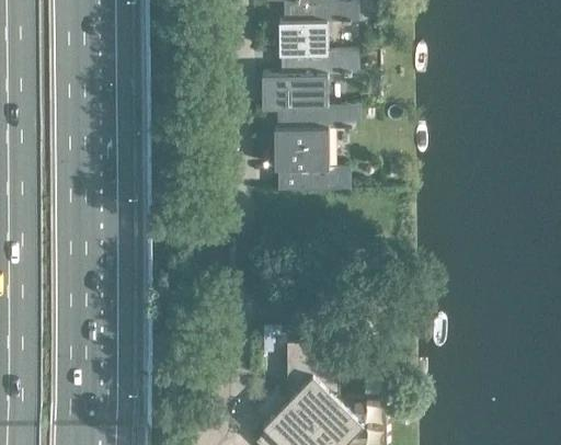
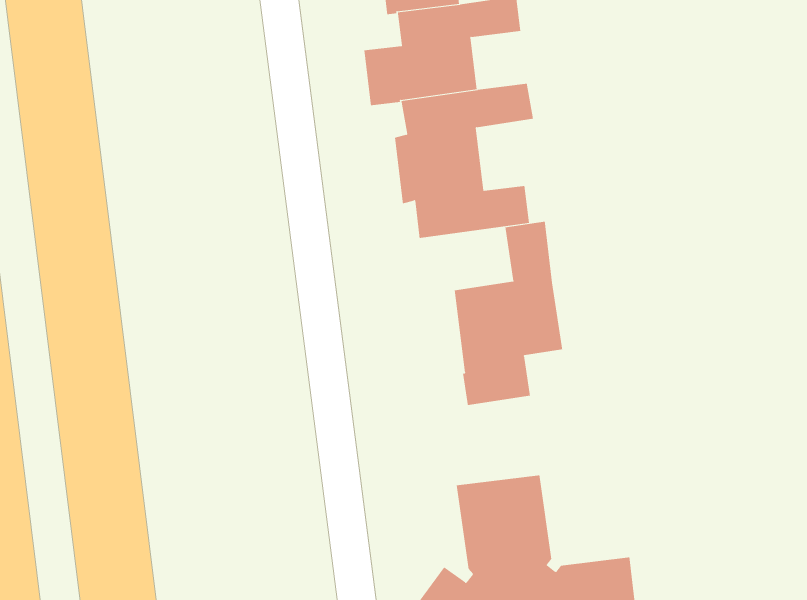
building: none -> [454,221,563,406]

